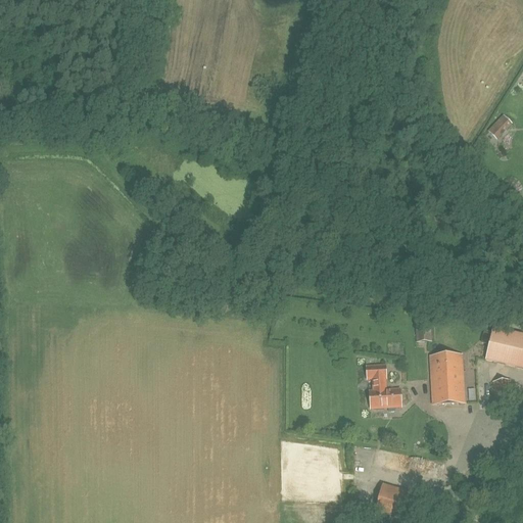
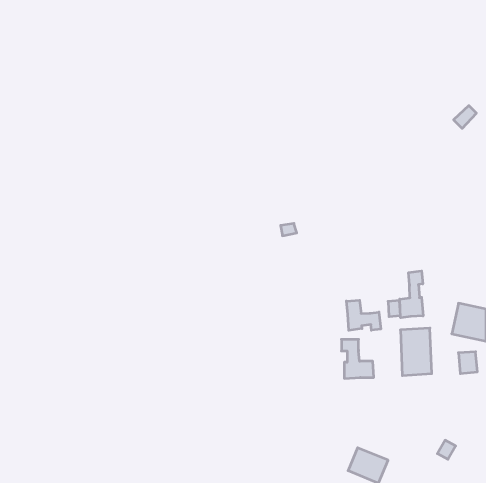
building: none -> [400,271,423,318]
building: none -> [346,300,381,330]

